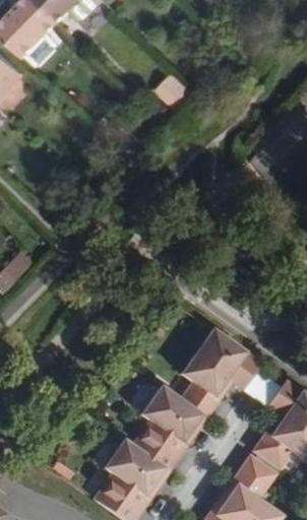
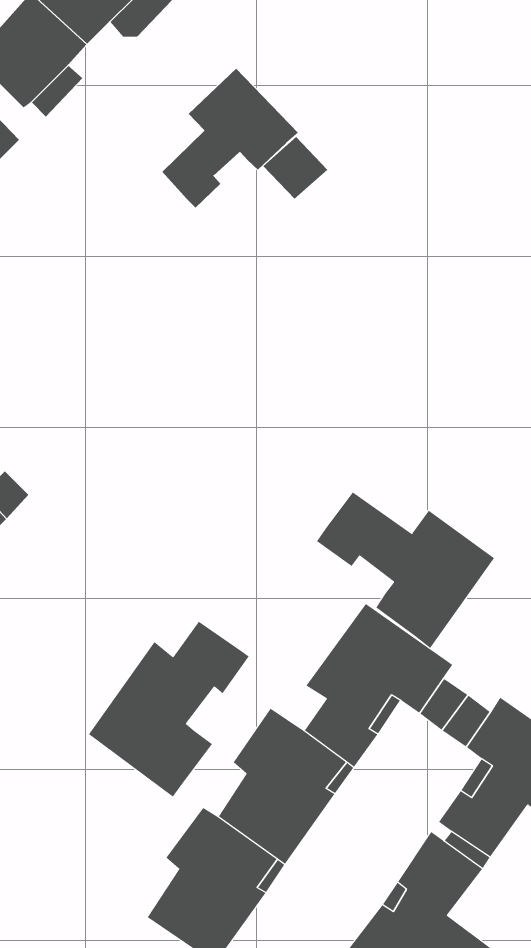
building: none -> [161,68,299,209]
building: none -> [316,492,495,649]
building: none -> [88,621,250,797]

